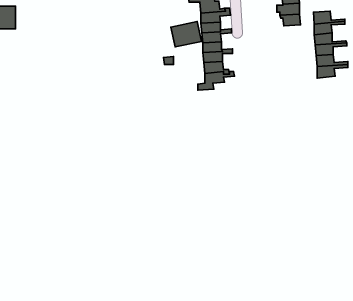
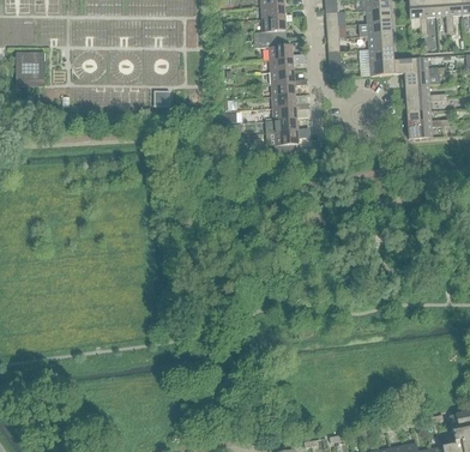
building: [171,22,201,47] -> none

